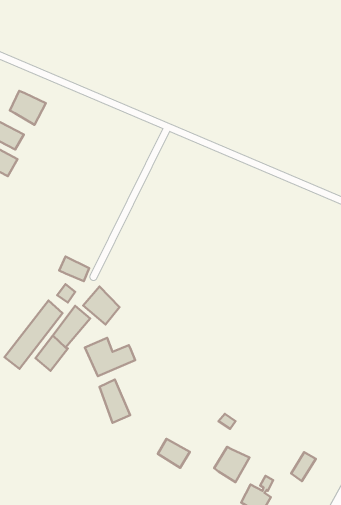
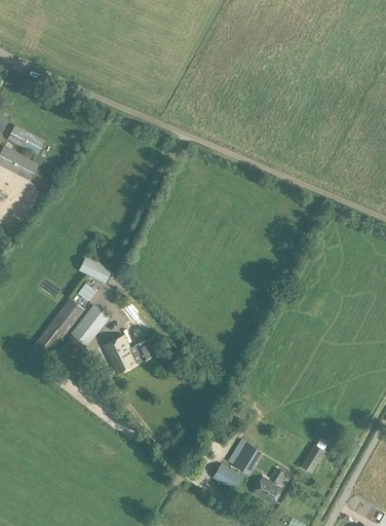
building: [10,91,46,125] -> none
building: [83,286,119,325] -> none
building: [99,380,130,423] -> none
building: [158,439,190,468] -> [211,462,242,490]

